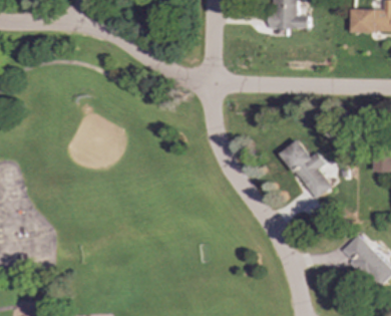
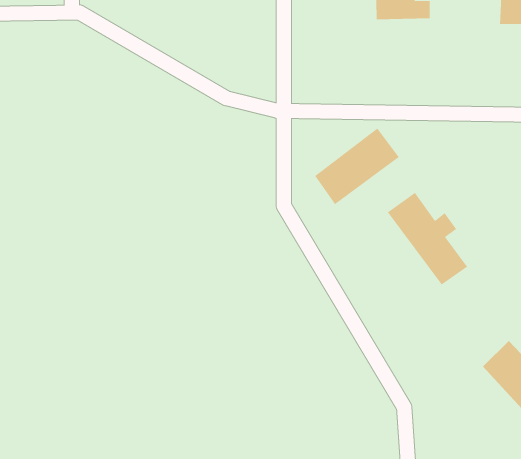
building: none -> [314,127,400,205]

